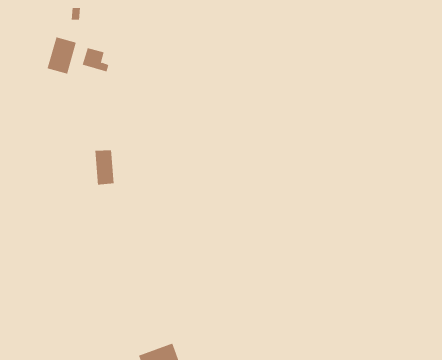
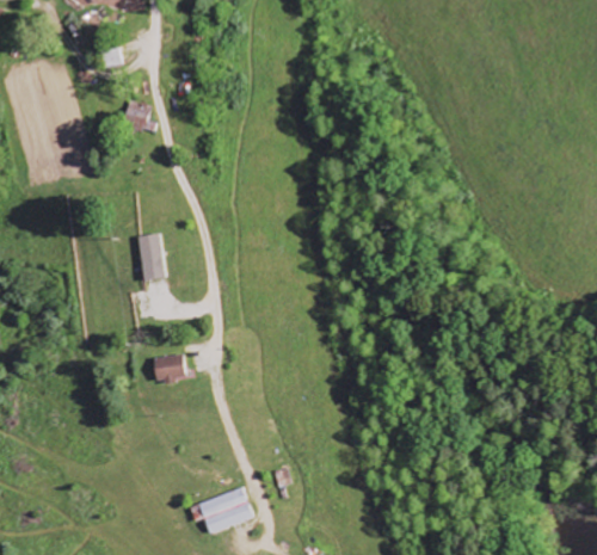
building: [47,36,77,75] -> none
building: none -> [154,354,189,382]

